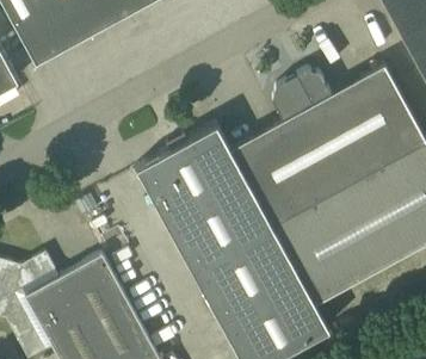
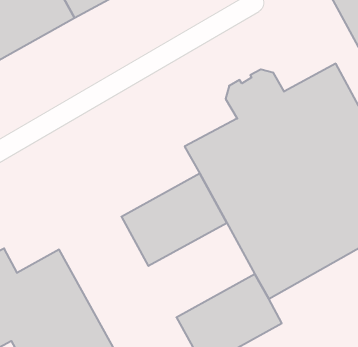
building: [137,126,246,223] -> none
building: [193,229,302,326] -> none

